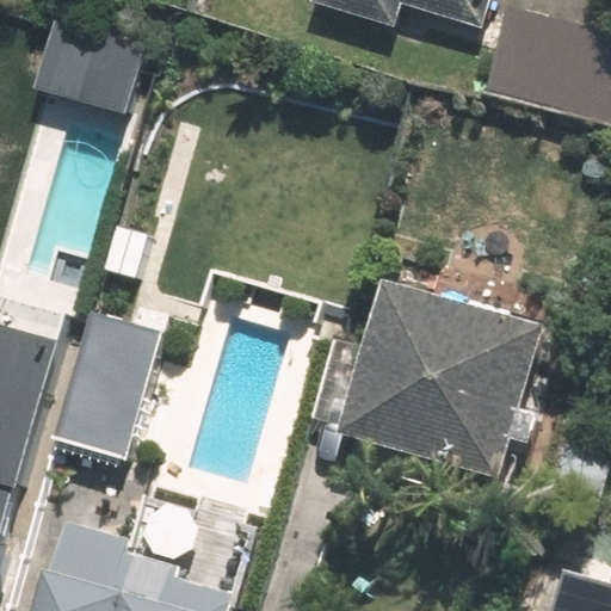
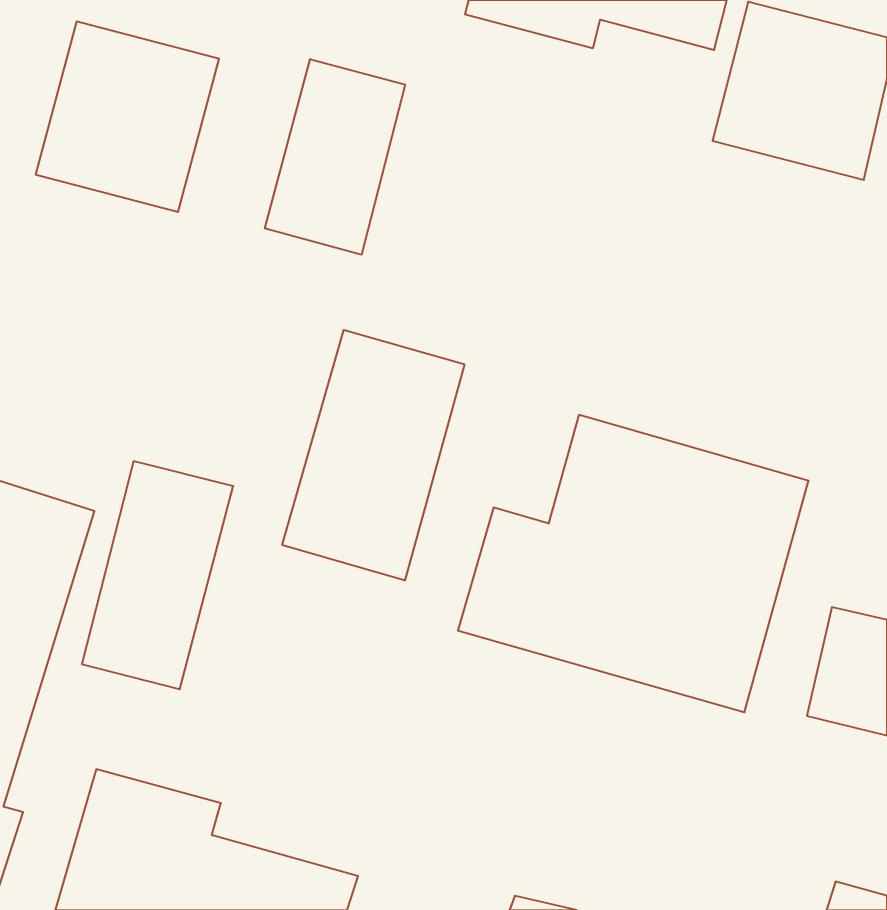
building: none -> [265,59,405,255]
building: none -> [282,330,464,581]

